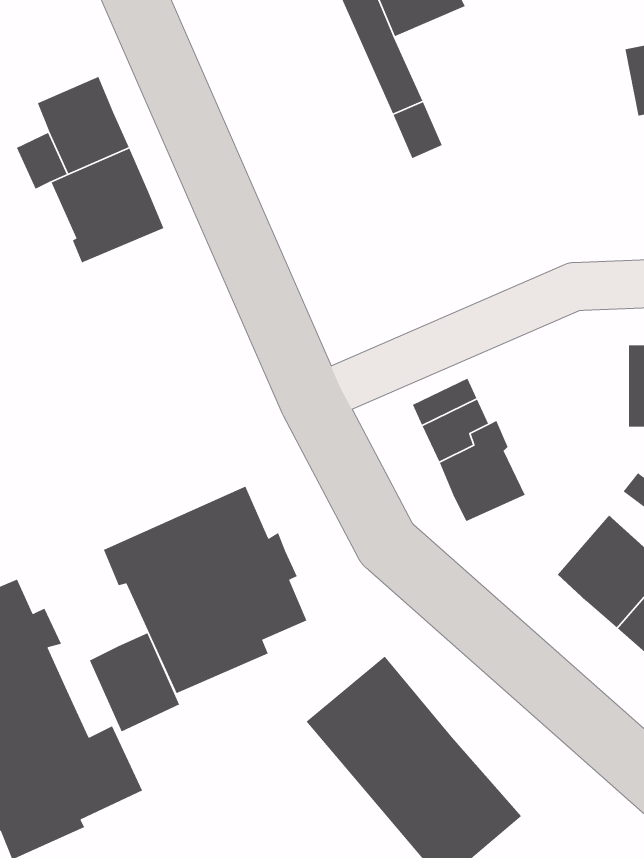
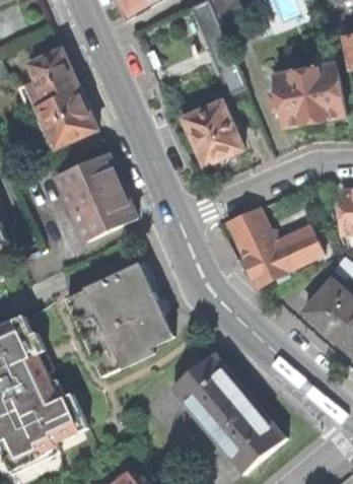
building: none -> [270,64,344,128]
building: none -> [181,92,241,166]
building: none -> [58,154,137,241]
building: none -> [276,229,321,269]
building: [89,632,180,733] -> none

